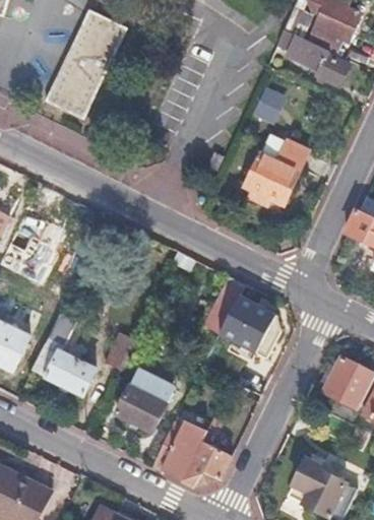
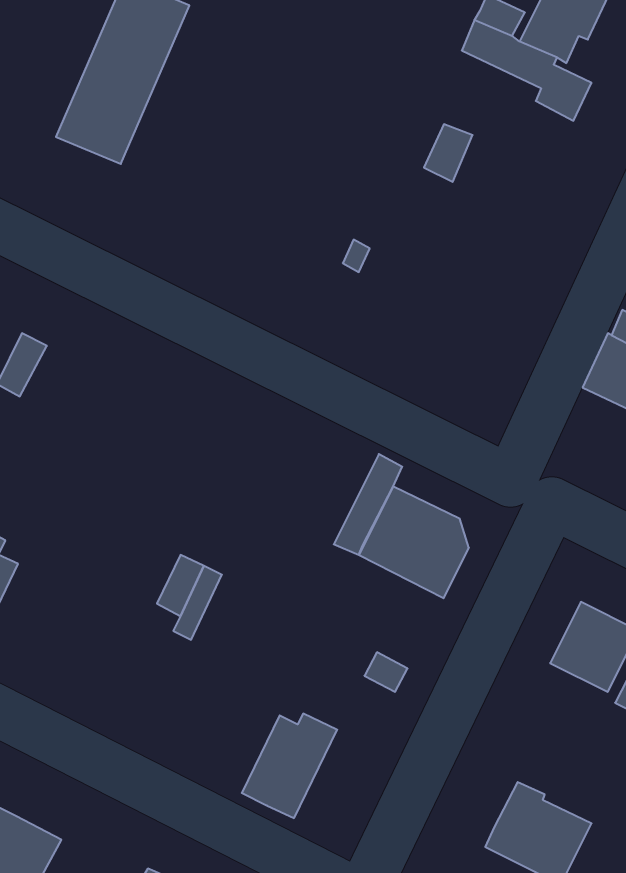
building: [247,133,308,206] -> none
building: [33,318,94,393] -> none
building: [116,375,172,431] -> none
building: [182,415,232,485] -> none

